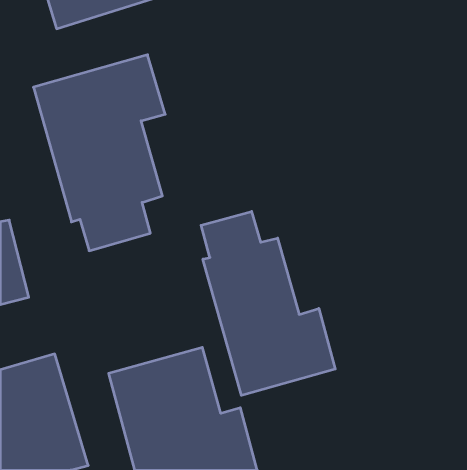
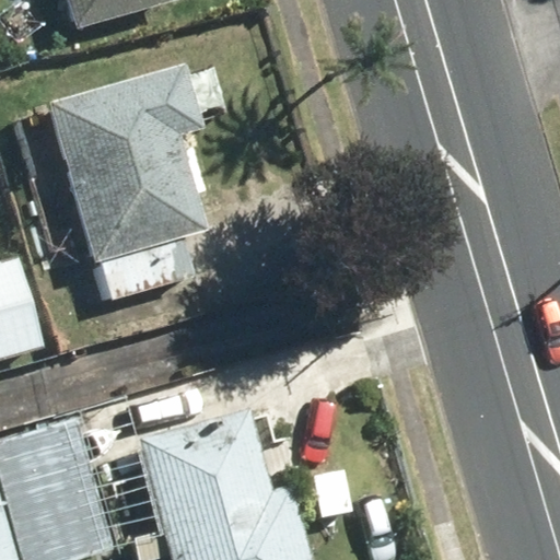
building: [201,211,335,395] -> none

